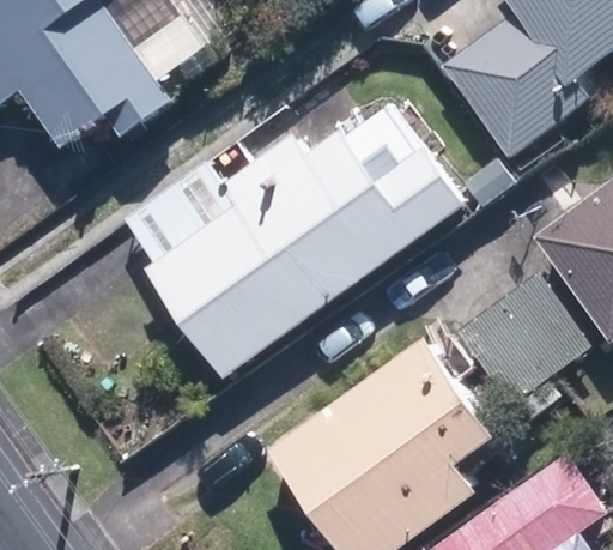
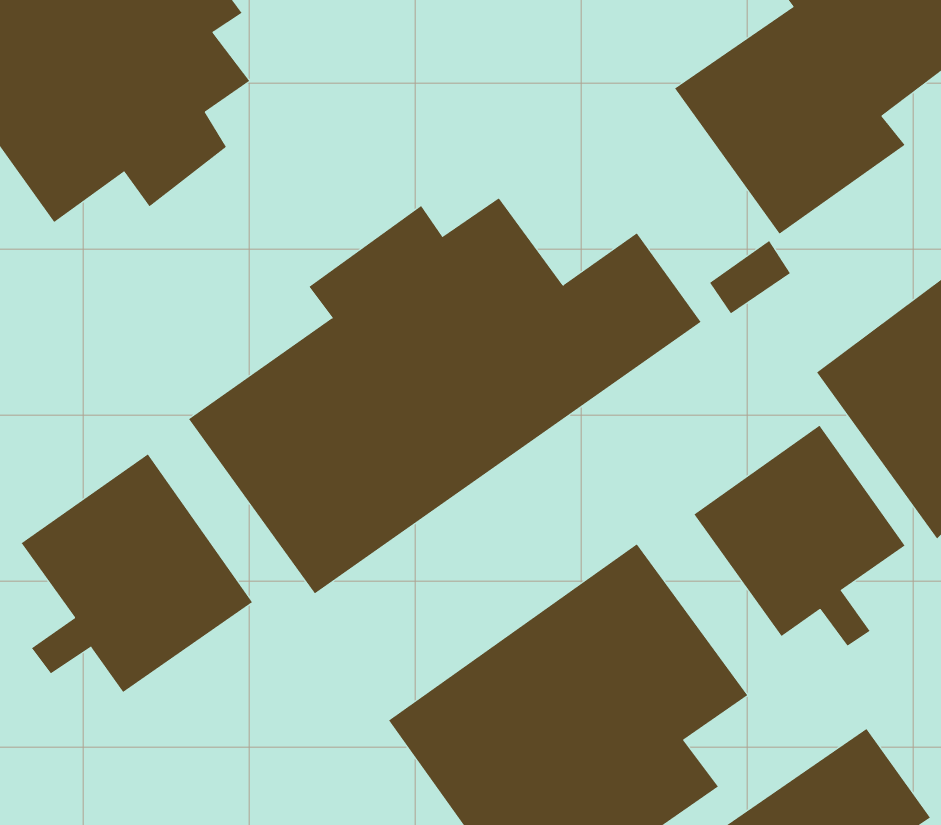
building: none -> [21,453,253,693]

